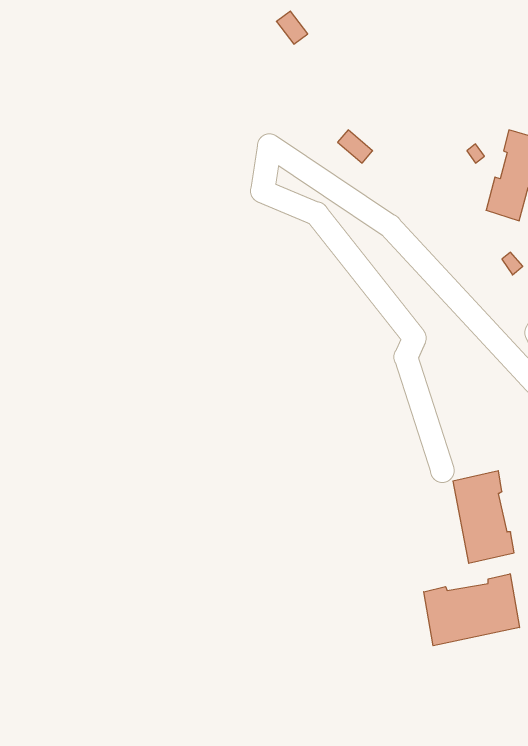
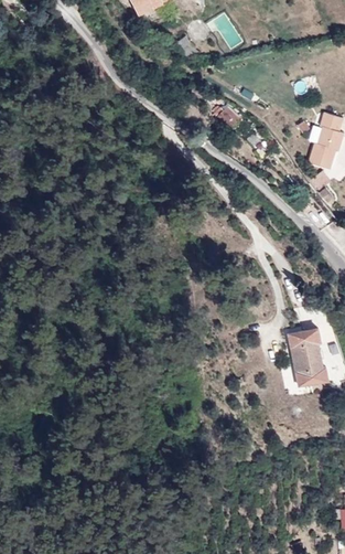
building: [424,574,519,646] -> none

